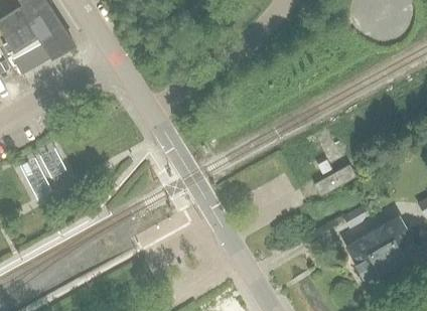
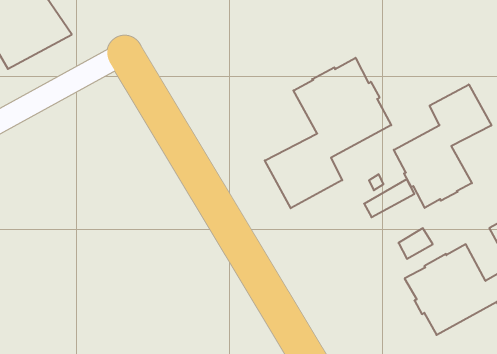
building: none -> [265,58,391,208]
building: none -> [394,84,491,208]

